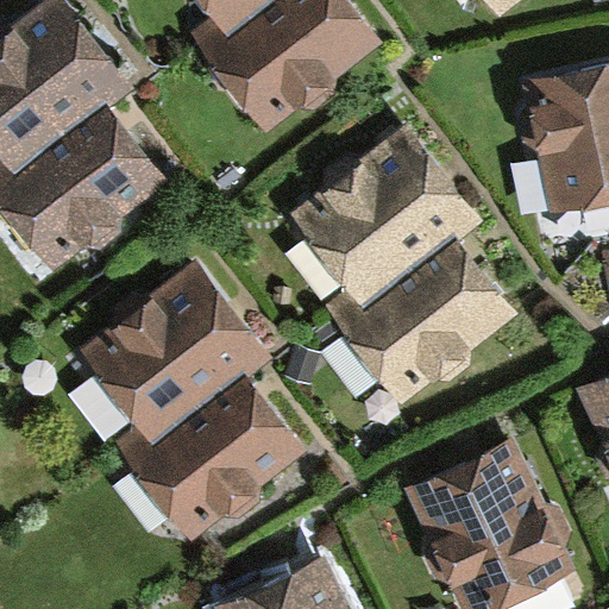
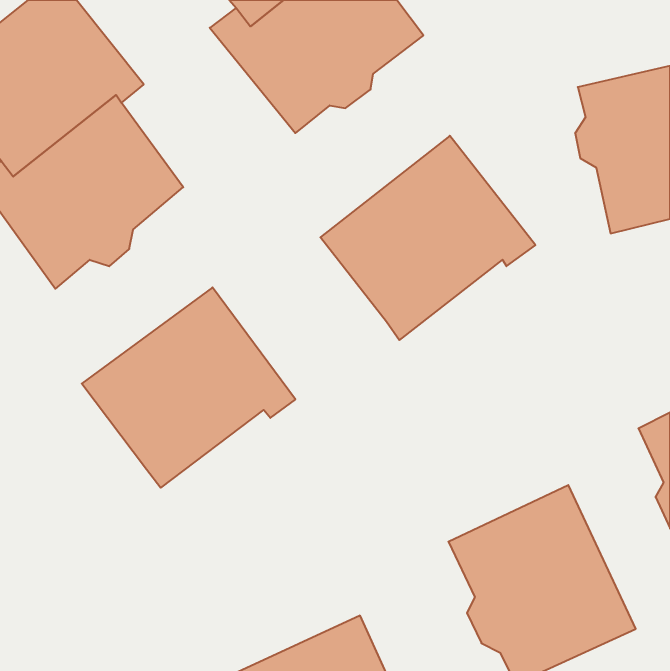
building: [325,237,514,408] -> none
building: [107,372,299,542] -> none

